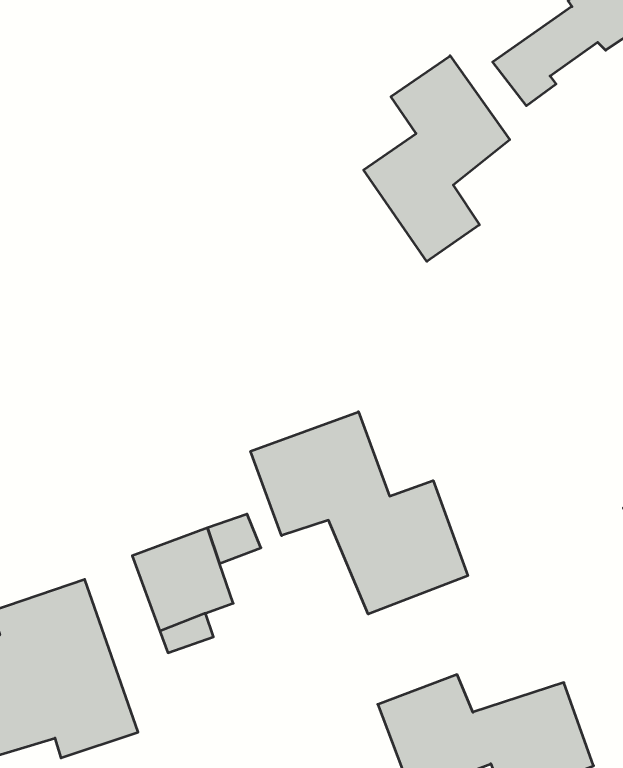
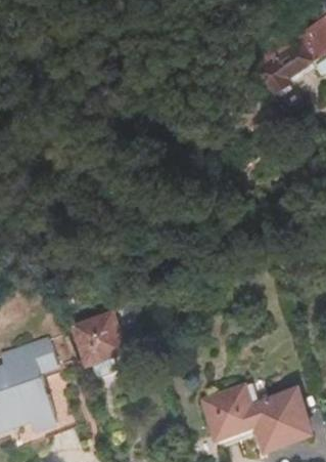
building: [364,56,510,261] -> none
building: [251,412,468,614] -> none

